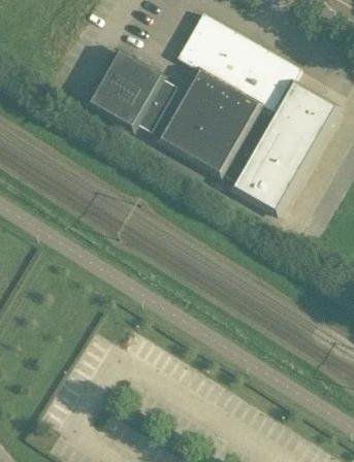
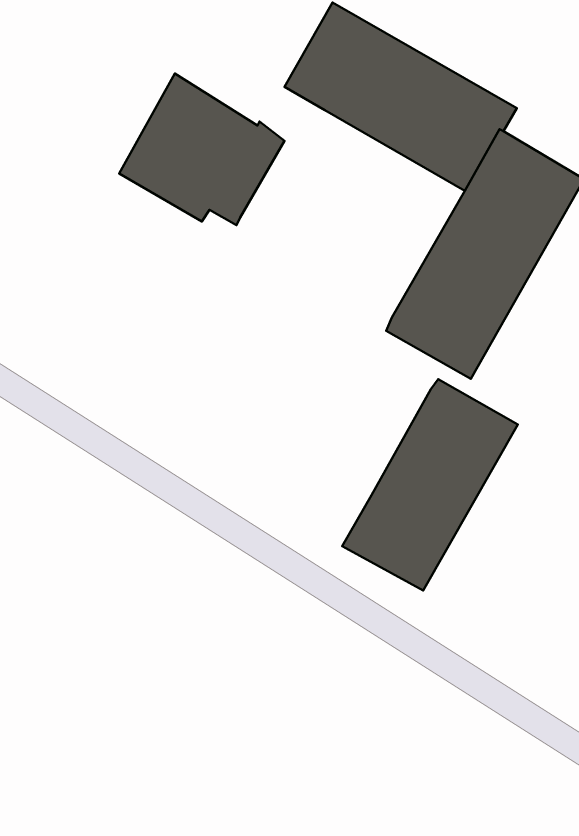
building: [158,70,273,182] -> none
building: none -> [342,379,518,590]

